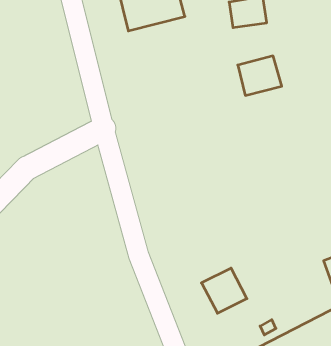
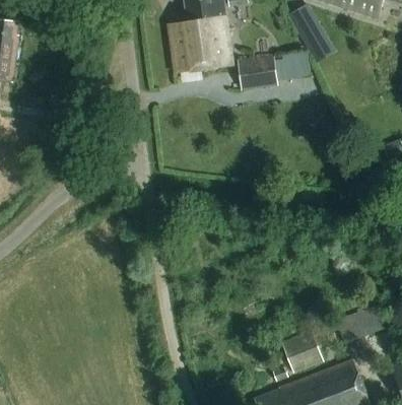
building: [238,56,282,95] -> [236,56,276,91]
building: [201,268,247,313] -> [280,331,323,374]

